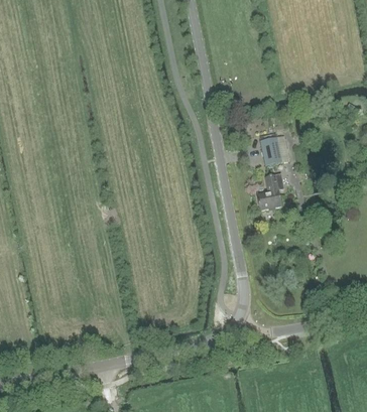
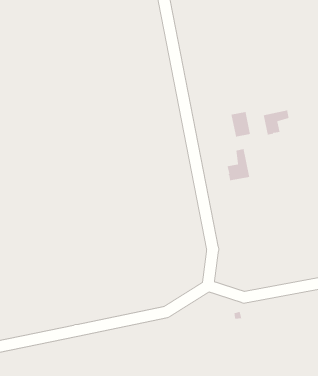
building: none -> [263,110,289,136]

